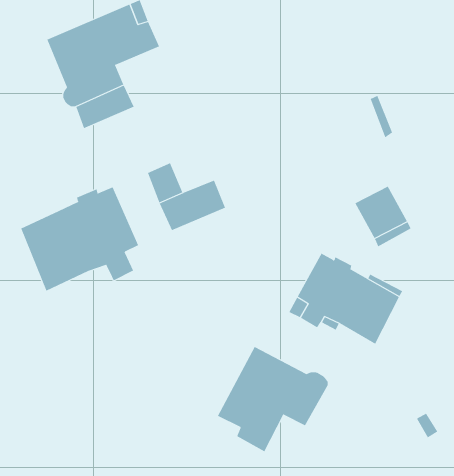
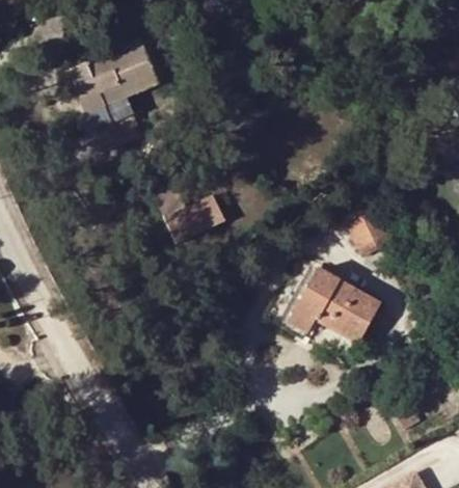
building: [20,186,139,291] -> none
building: [217,346,328,452] -> none

